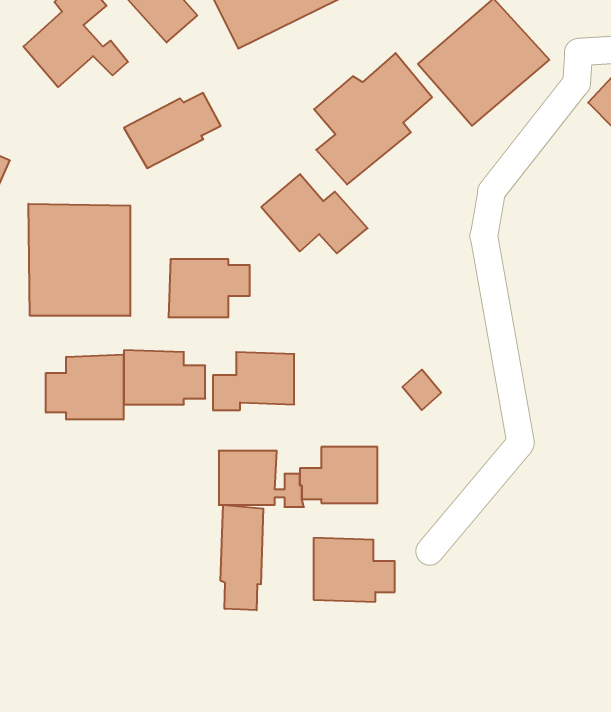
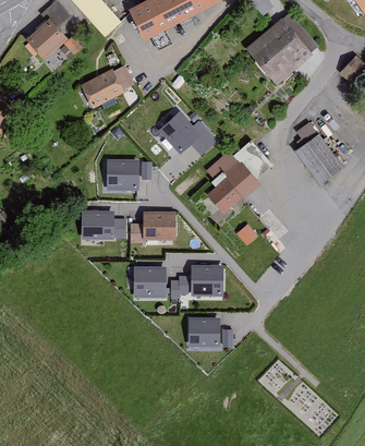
building: [314,53,432,185] -> [205,138,271,213]
building: none -> [294,120,342,183]
building: [28,204,130,316] -> none
building: [46,354,123,420] -> none
building: [221,505,263,610] -> none

